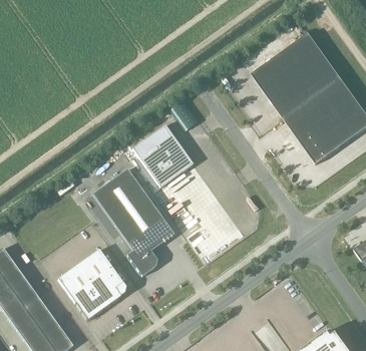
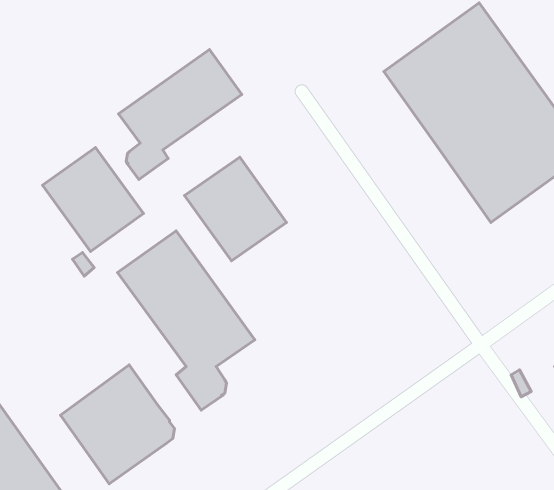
building: none -> [119,49,242,179]
building: none -> [43,147,144,251]

